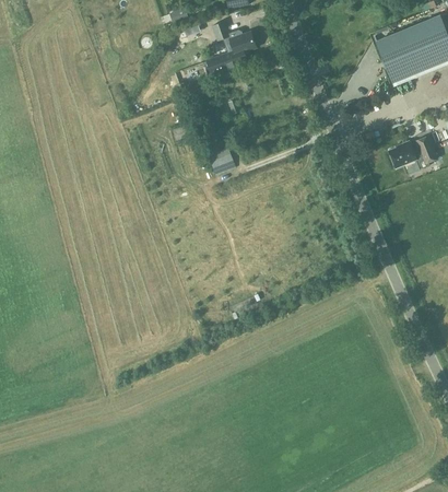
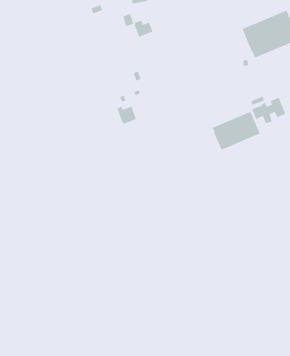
building: [208,49,247,71] -> none
building: none -> [212,111,261,154]

